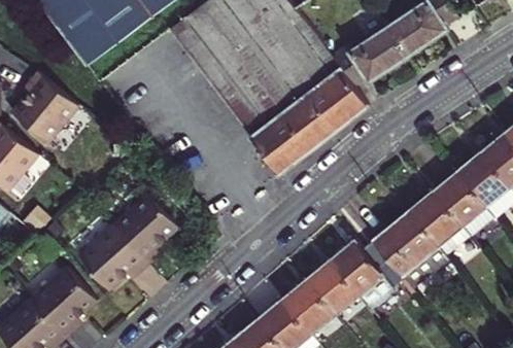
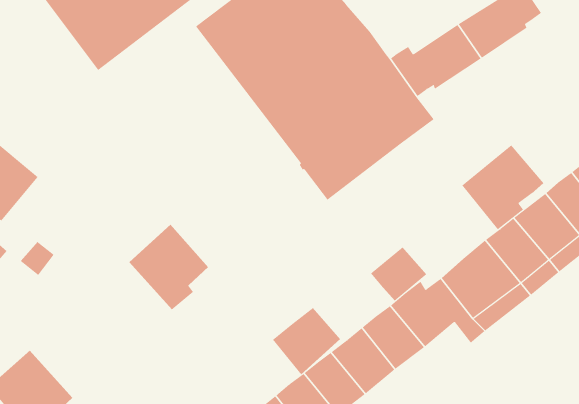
building: [12,71,79,142] -> none
building: none -> [462,144,544,230]
building: none -> [370,246,427,301]
building: [77,224,148,291] -> none
building: none -> [272,307,341,375]
building: [30,266,97,338] -> none

